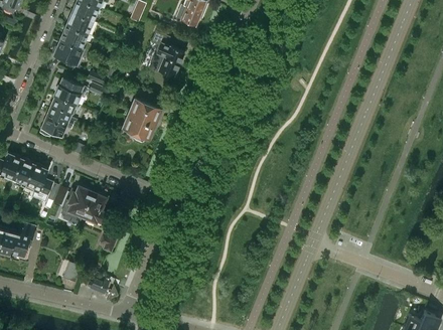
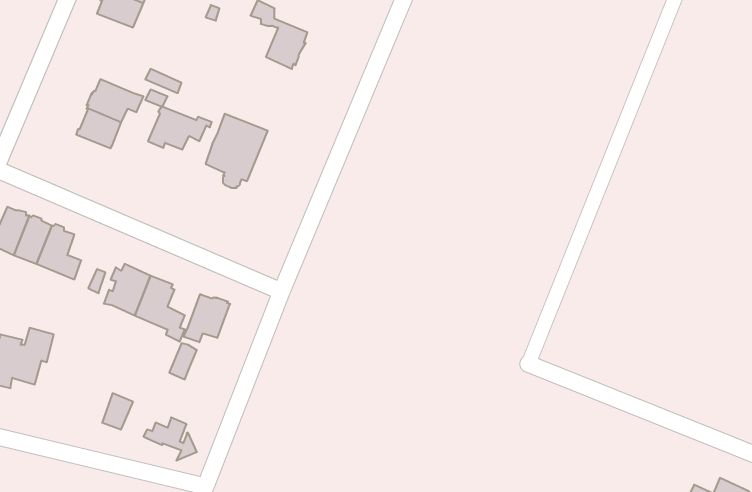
building: [52,41,82,66] -> none
building: [39,112,77,137] -> [148,107,212,150]
building: none -> [184,294,230,342]

